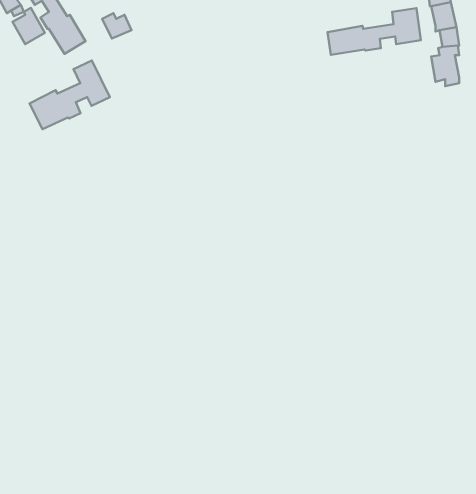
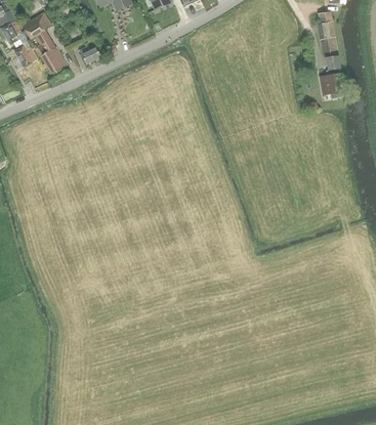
building: [327,8,421,55] -> none
building: [29,60,110,129] -> none

